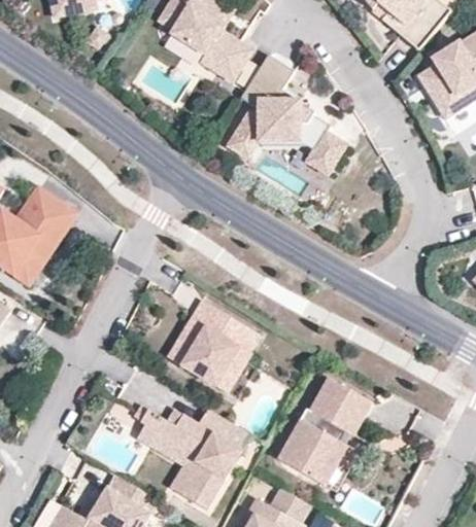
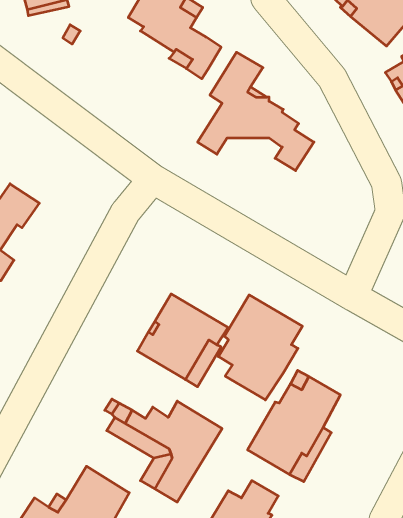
building: none -> [218,295,302,400]

